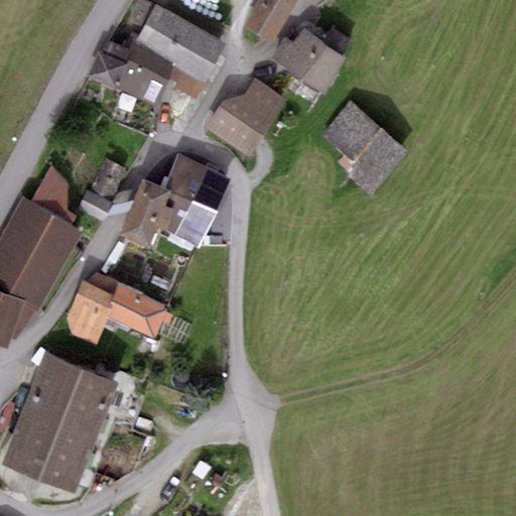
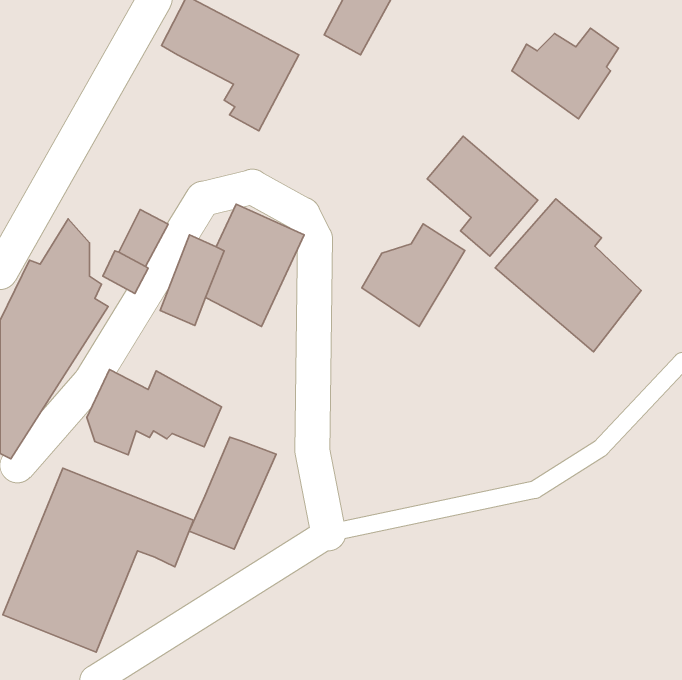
building: [272,25,353,94] -> [512,28,618,119]
building: [87,39,176,107] -> none
building: [208,78,285,155] -> [362,224,465,327]
building: none -> [495,199,641,352]
building: none -> [189,437,276,549]

